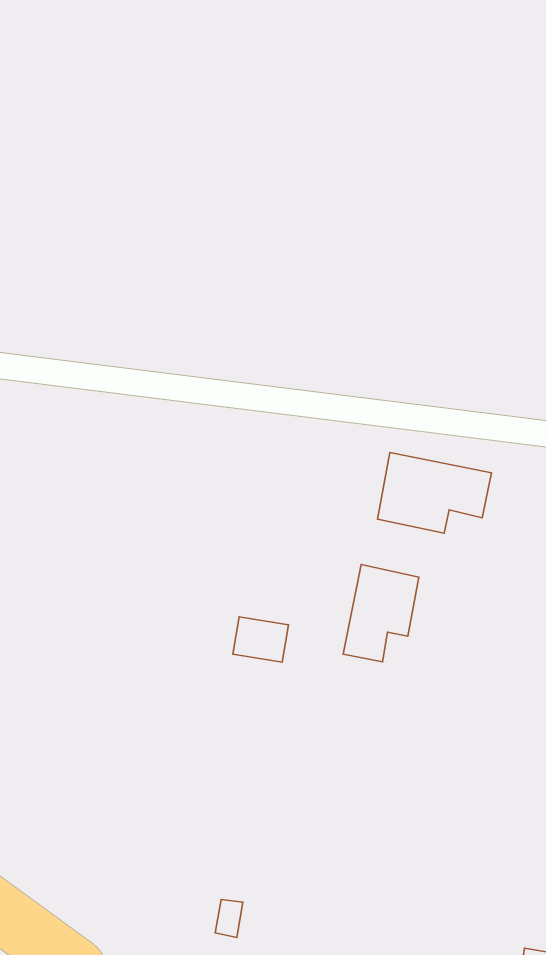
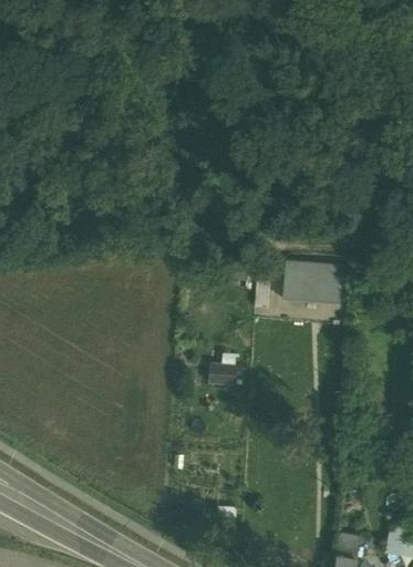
building: [343,565,419,662] -> none

